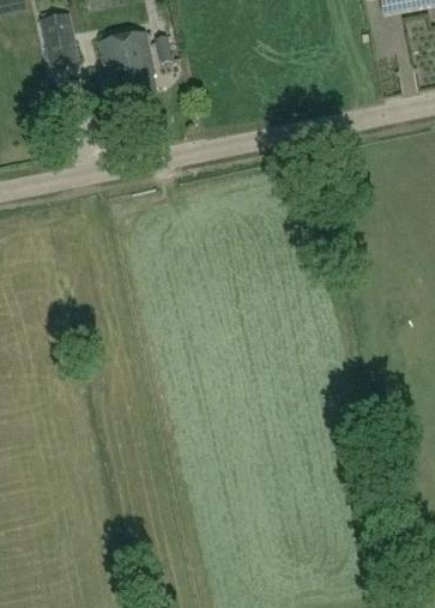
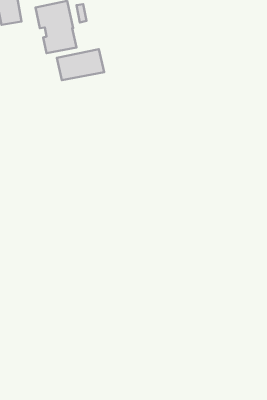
building: none -> [57,49,104,80]

